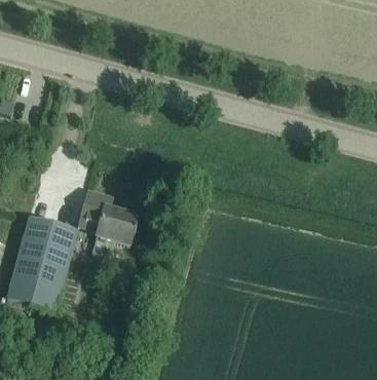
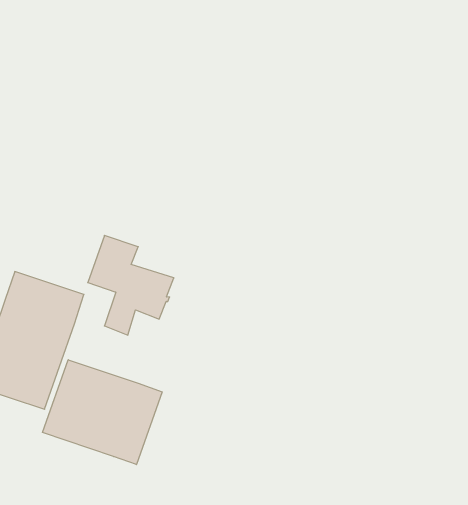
building: none -> [43,360,162,465]

